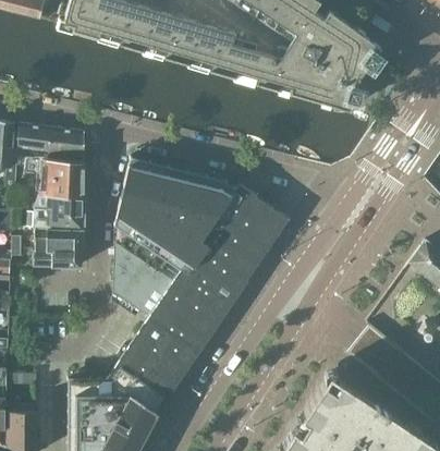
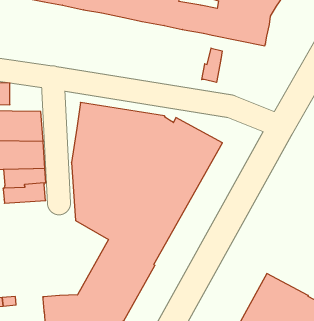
building: none -> [202,48,222,82]
building: [48,129,84,158] -> none

